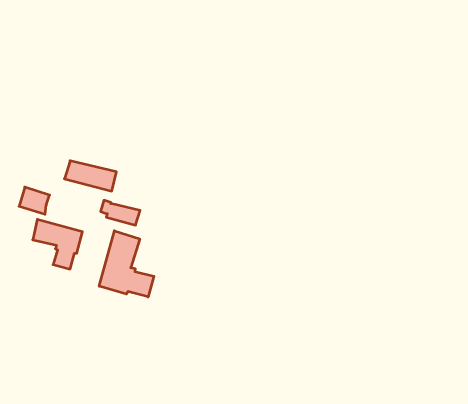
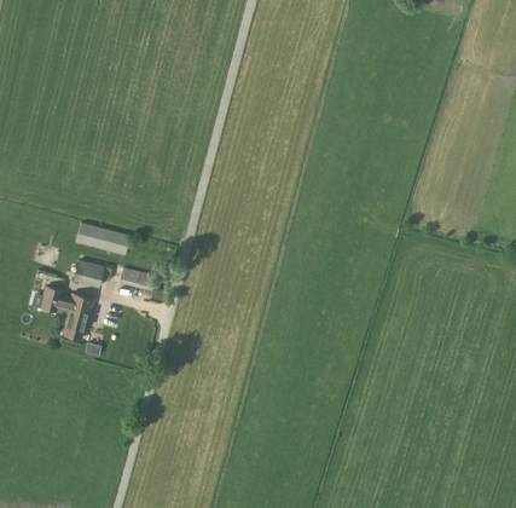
building: [19,187,50,214] -> [73,258,105,287]
building: [99,231,154,297] -> none

